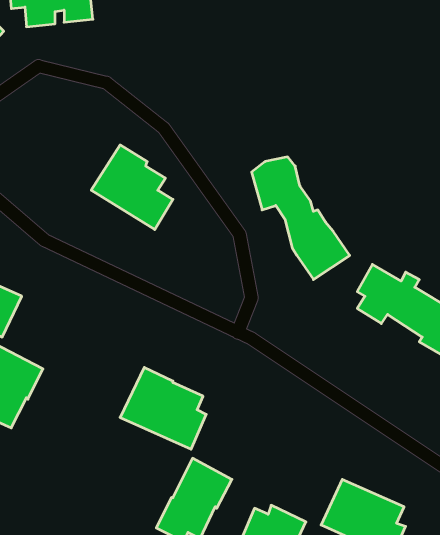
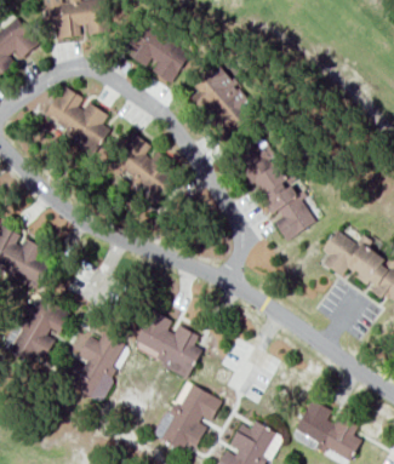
building: none -> [130,28,190,85]
building: none -> [187,67,257,137]
building: none -> [46,86,115,165]
building: none -> [64,332,130,402]

